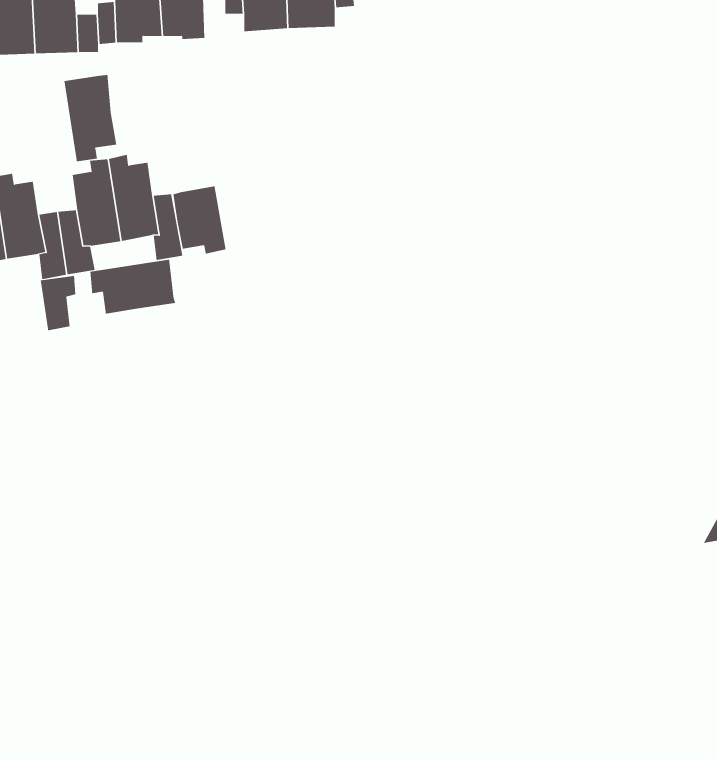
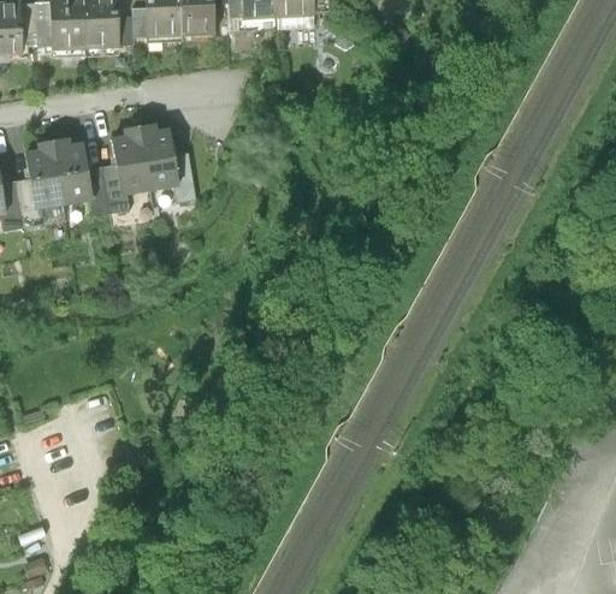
building: [64,74,117,162] -> none
building: [173,186,226,255] -> none
building: [90,259,176,315] -> none
building: [40,275,76,331] -> none

